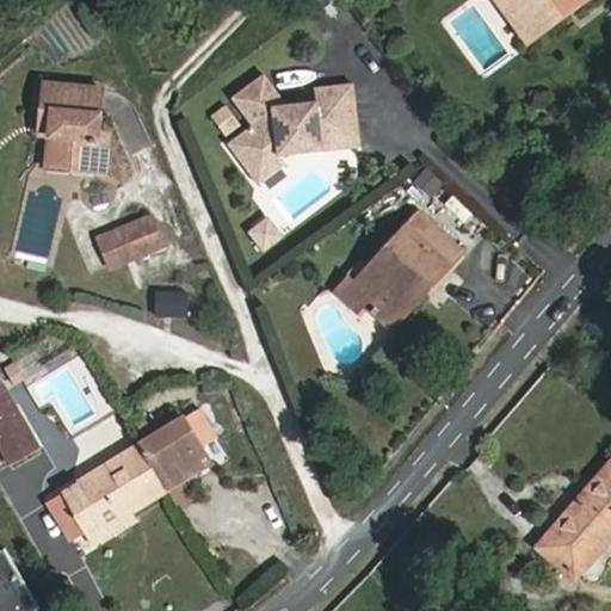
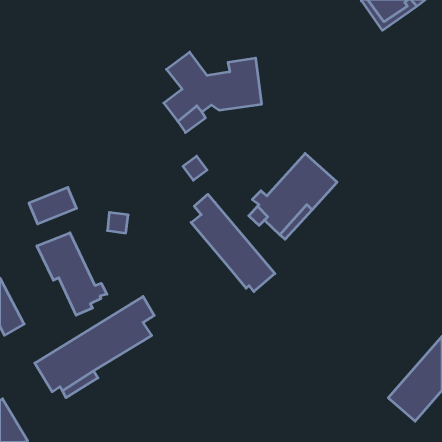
building: [35,86,101,174] -> none
building: [97,217,162,267] -> [29,187,77,224]
building: none -> [191,194,275,292]
building: none -> [37,233,107,315]

